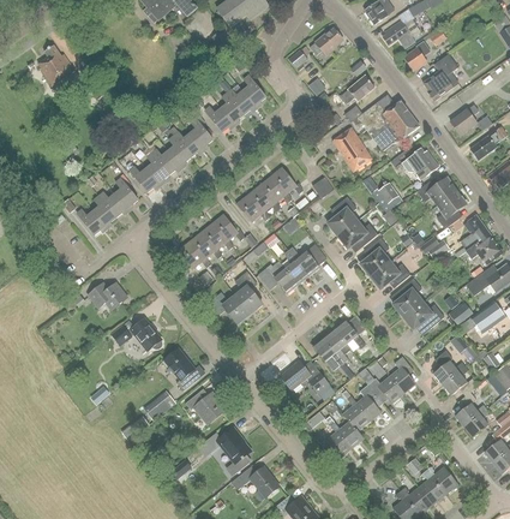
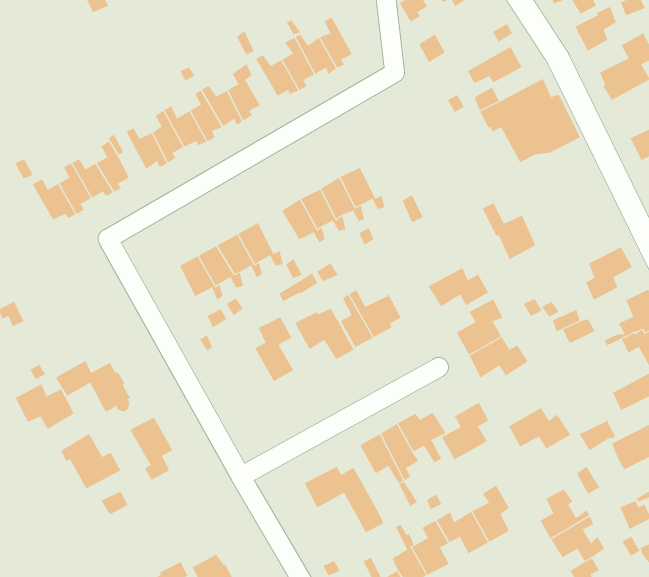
building: [332,126,372,172] -> none
building: [390,148,438,180] -> none
building: [404,177,456,205] -> none
building: [326,196,358,237] -> none
building: [392,278,422,317] -> [441,402,489,460]
building: [86,281,126,310] -> [15,383,75,430]
building: [209,292,250,323] -> none
building: [186,388,227,424] -> [60,433,121,489]

